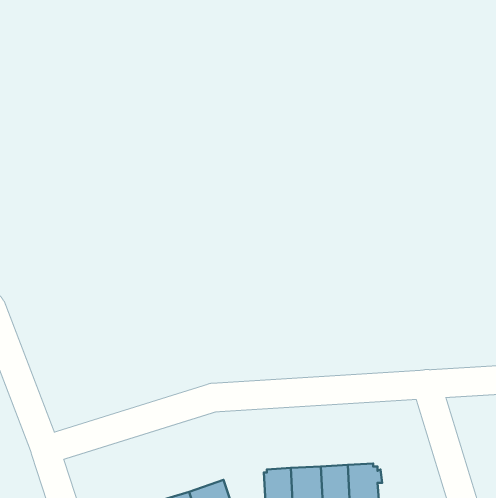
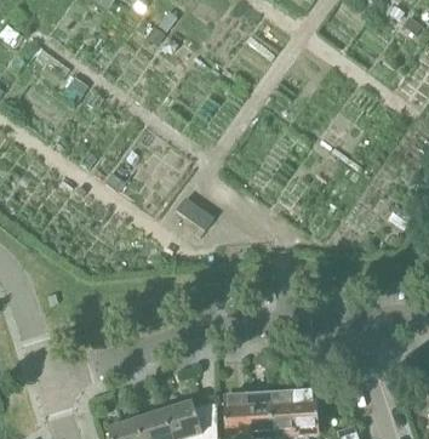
building: none -> [176,196,213,236]

